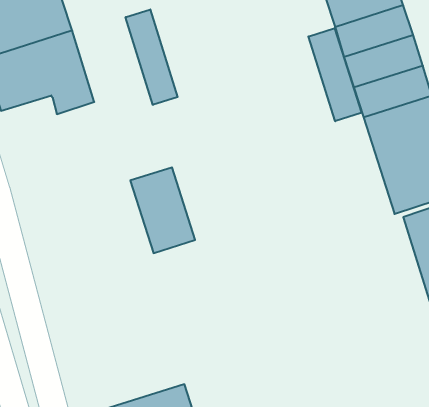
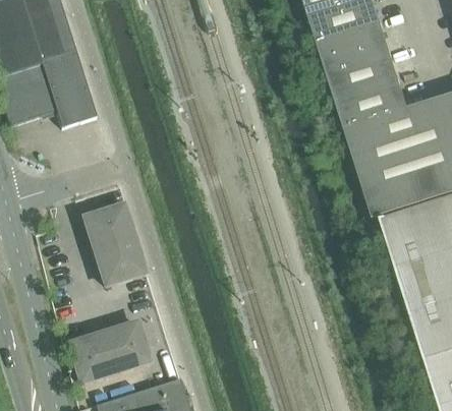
building: [126,9,178,105] -> none
building: [308,28,362,121] -> none
building: [130,167,195,253] -> [84,204,145,284]
building: none -> [68,321,149,383]

